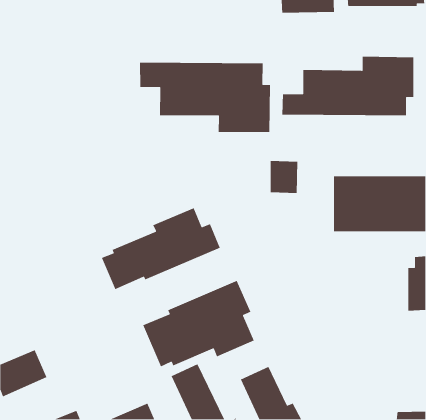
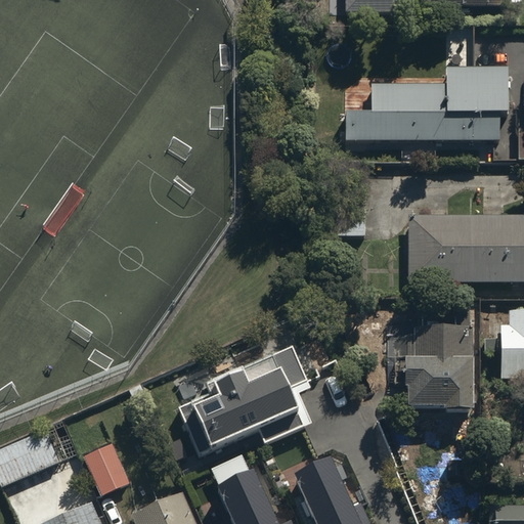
building: [139,62,271,133] -> none
building: [101,207,221,290] -> none
building: none -> [403,311,474,420]
building: none -> [82,440,130,496]

